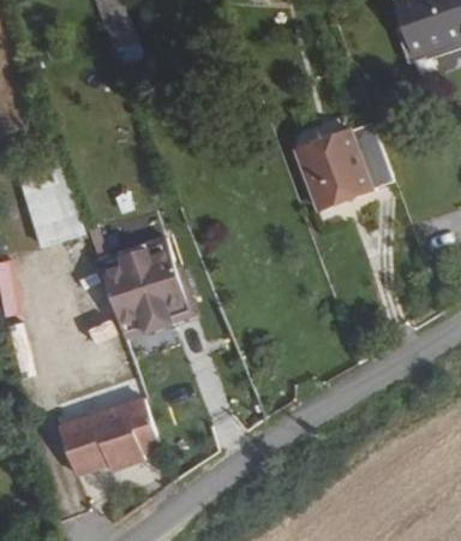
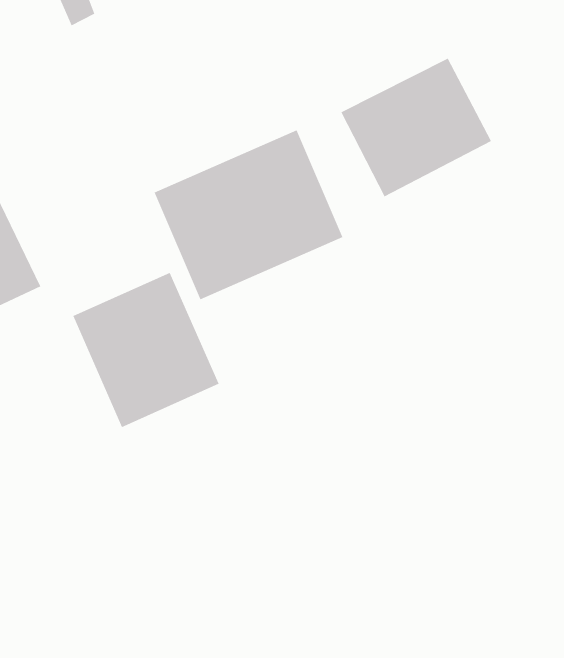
building: none -> [154,129,343,300]
building: [58,399,157,474] -> none

